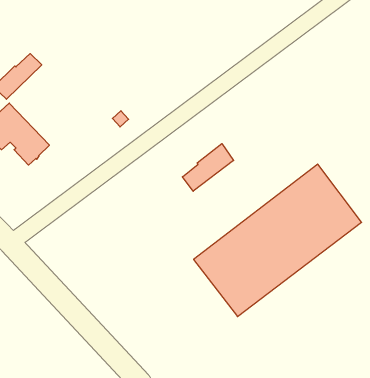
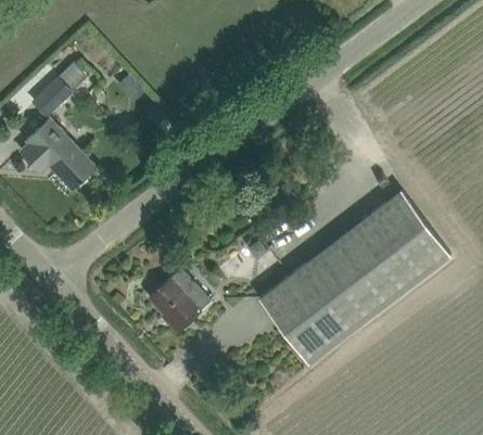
building: [182,144,234,191] -> none
building: none -> [149,269,212,334]

